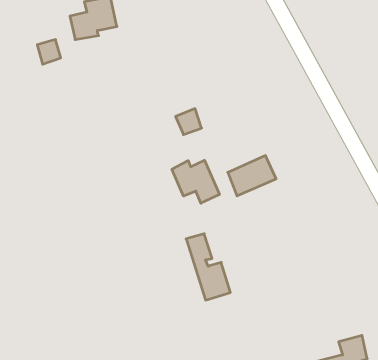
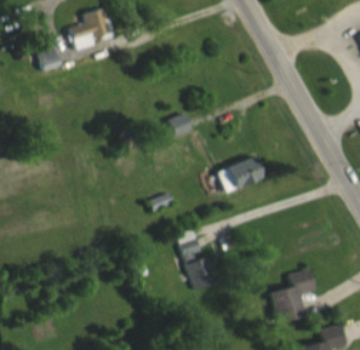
building: [172,160,219,203] -> none
building: none -> [268,269,315,323]

